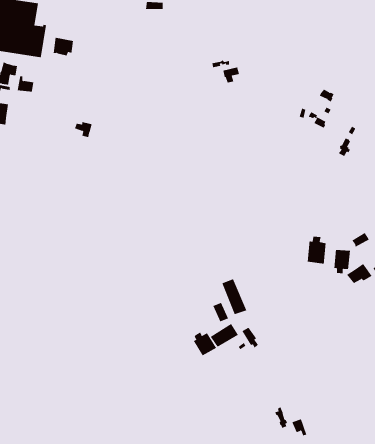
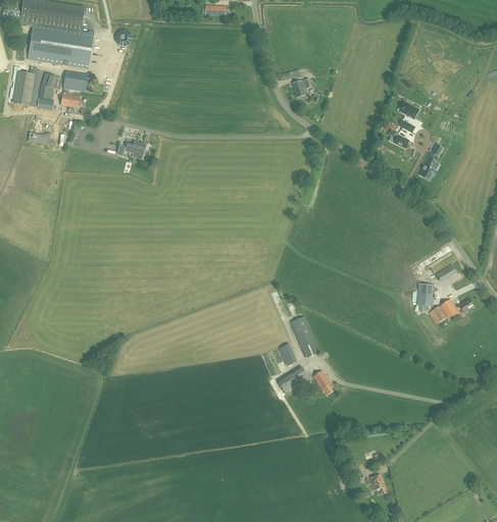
building: [53,37,74,56] -> [63,70,87,92]
building: [307,236,326,264] -> none
building: [193,331,217,356] -> none

